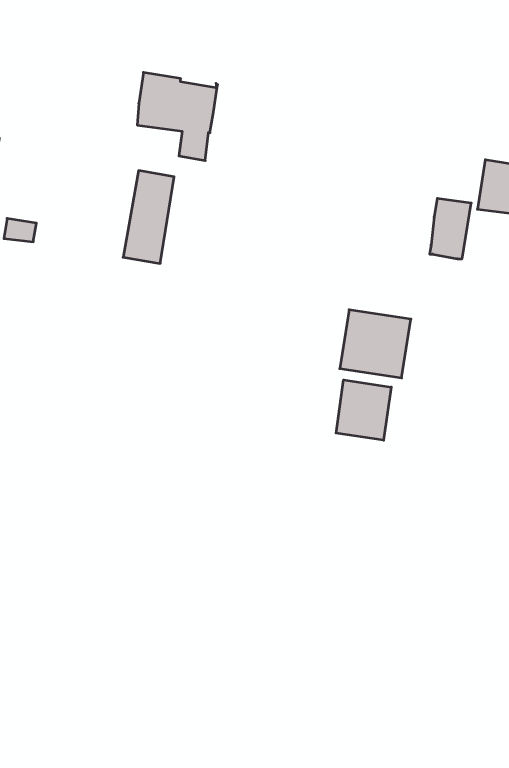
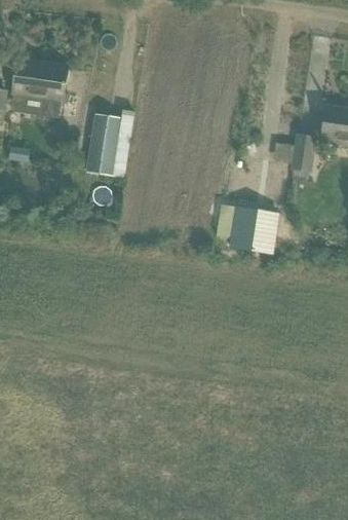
building: [137,72,218,161] -> [12,60,66,118]
building: [336,380,391,440] -> none

